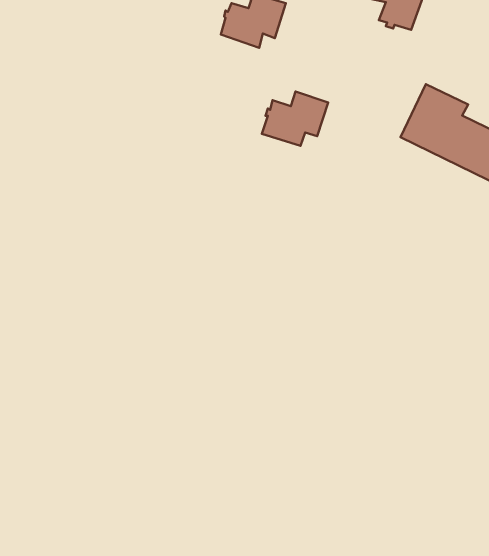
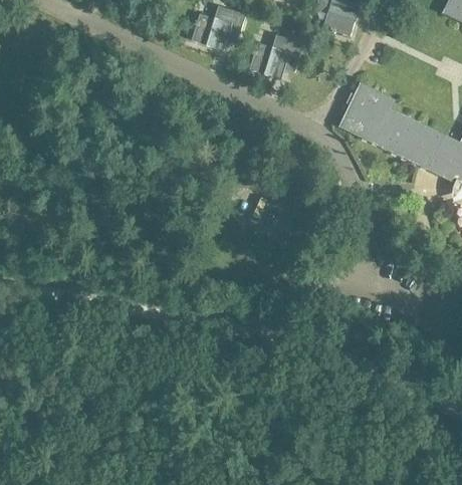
building: [262,92,328,146] -> [249,35,304,80]

